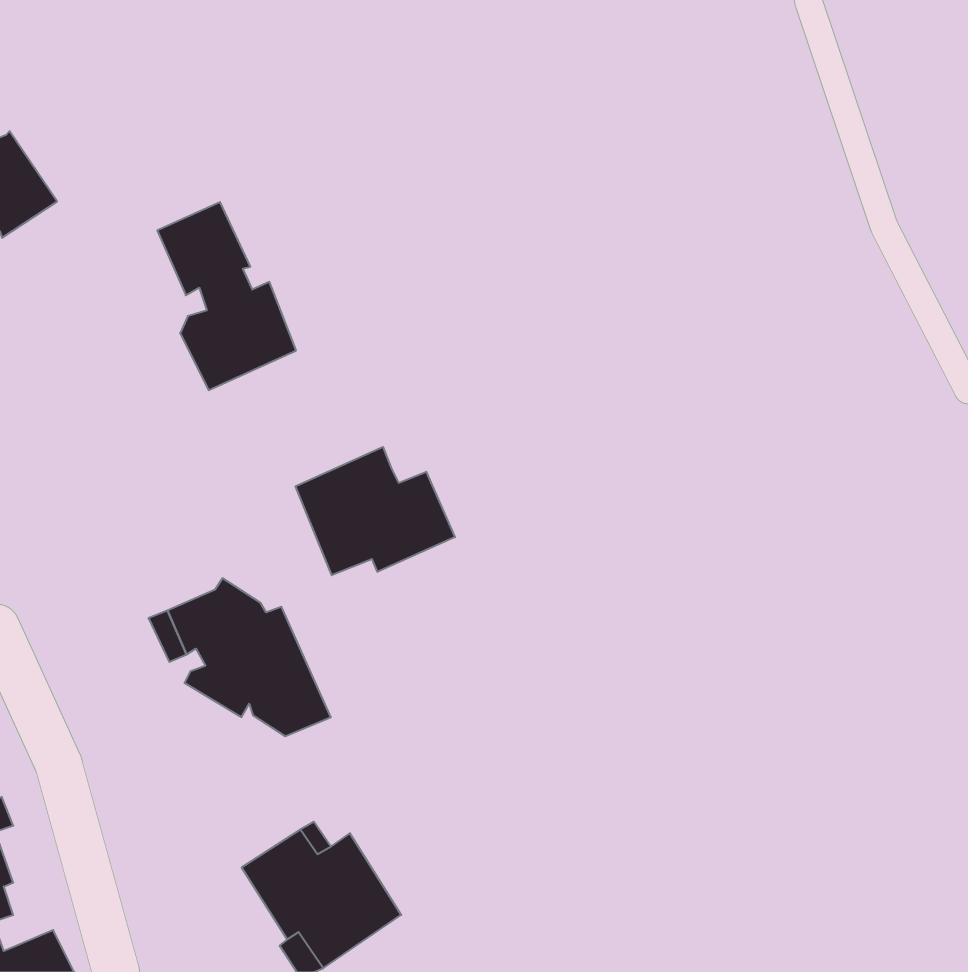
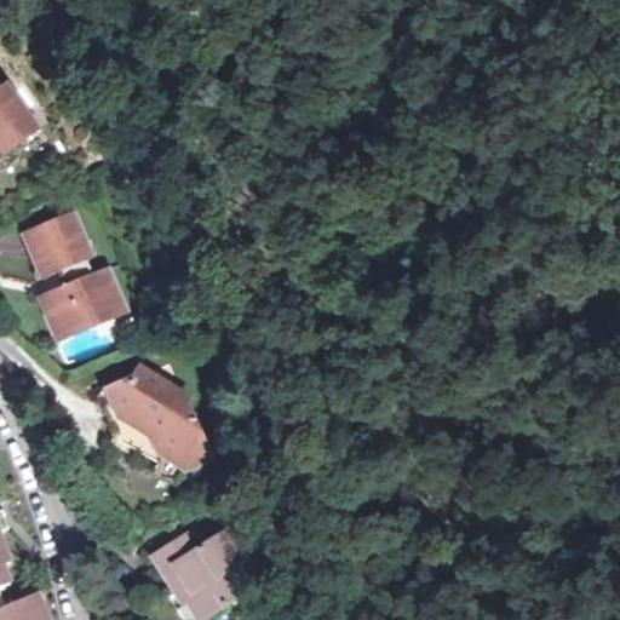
building: [157,202,296,390] -> [30,216,119,335]
building: [296,447,455,575] -> none

